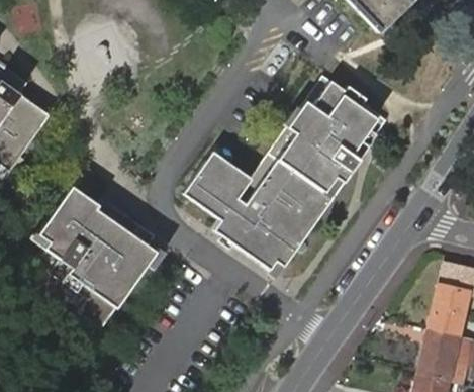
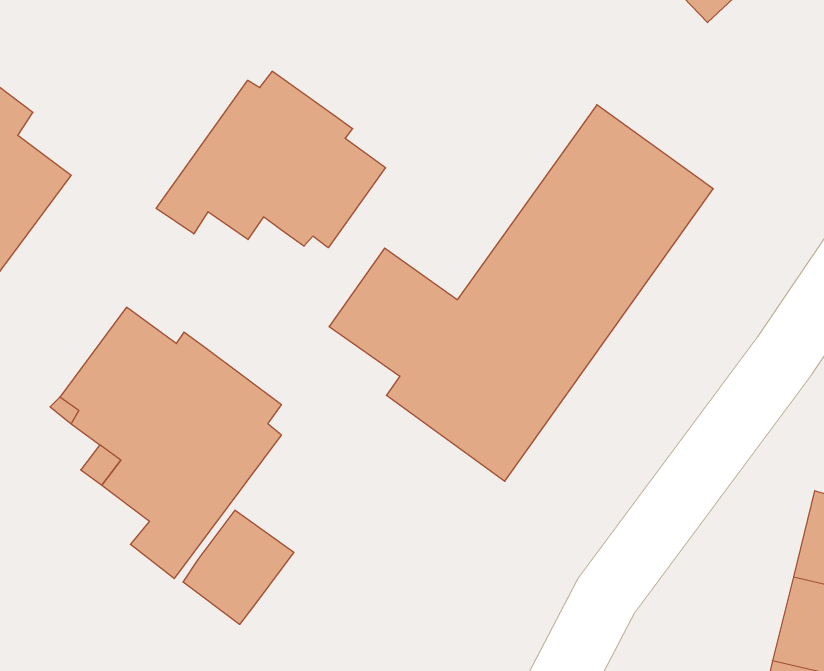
building: none -> [156,71,385,248]
building: none -> [183,510,294,624]

